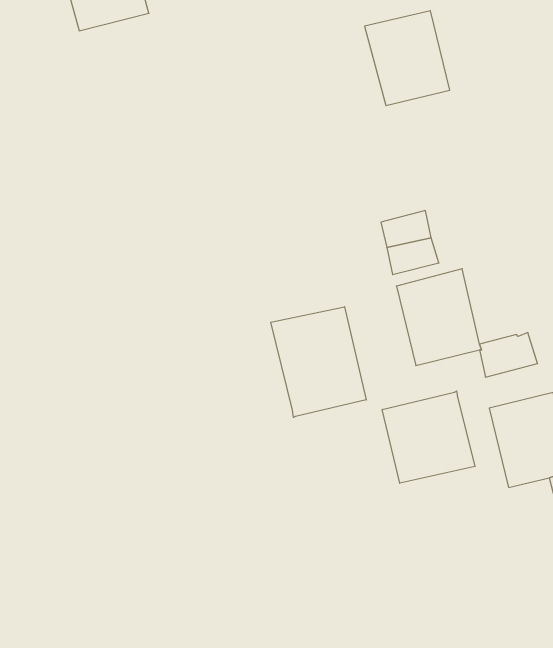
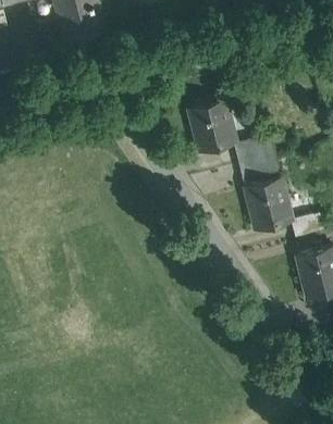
building: [365,11,450,106] -> [187,97,235,150]
building: [271,307,366,417] -> none
building: [382,391,475,483] -> none

